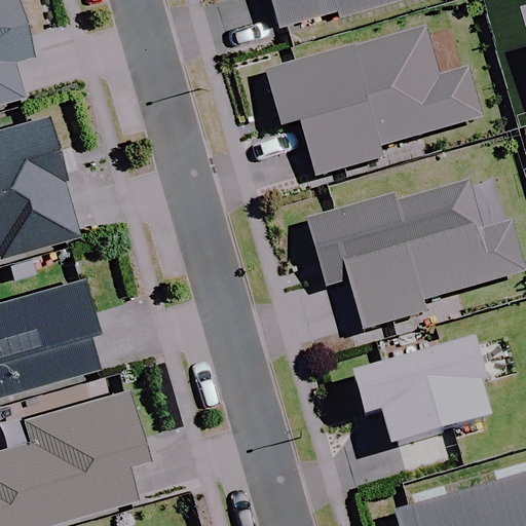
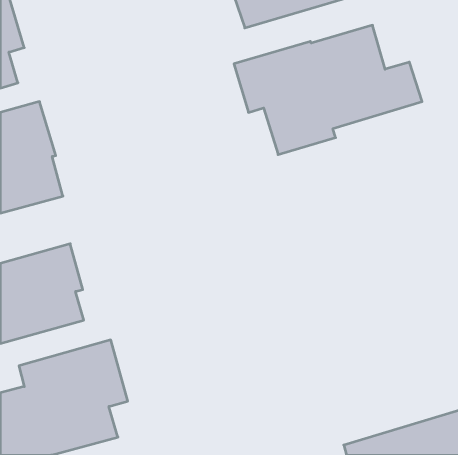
building: [306,178,521,326] -> none
building: [349,334,487,443] -> none

